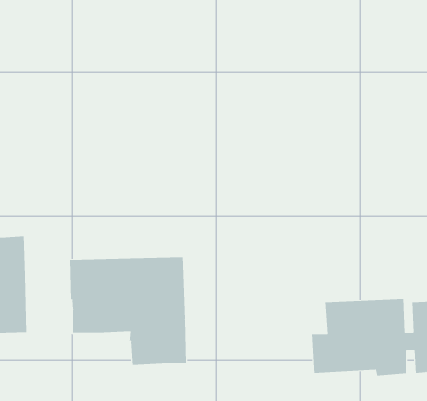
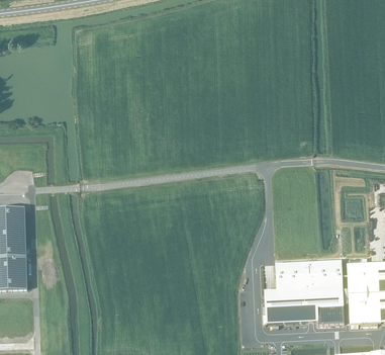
building: [70,256,187,365] -> none

